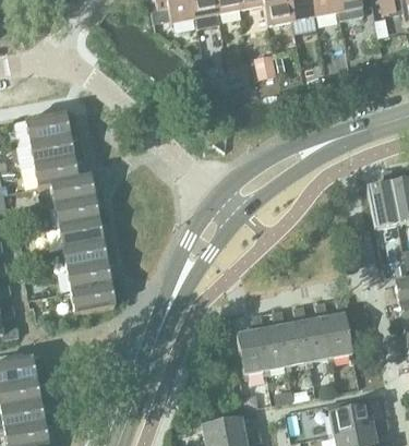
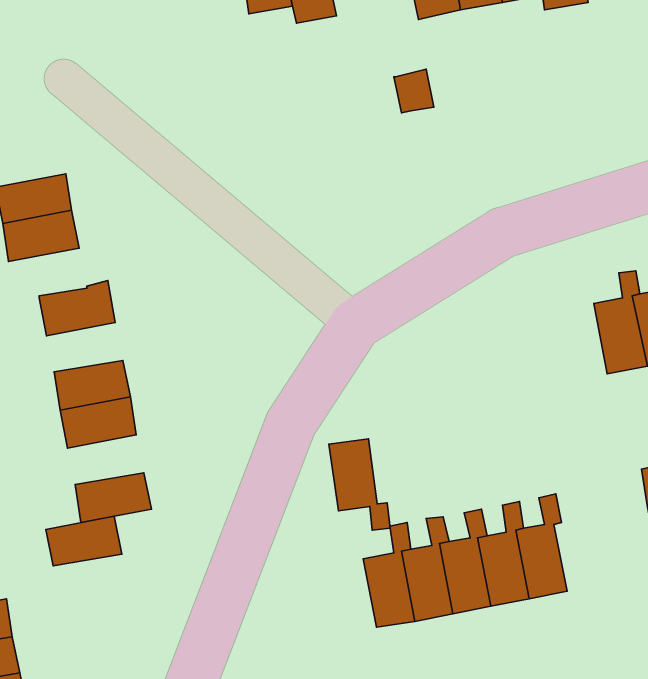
building: [34,155,79,185] -> none
building: [56,197,99,226] -> none
building: [68,262,111,290] -> [46,516,122,566]
building: none -> [329,439,390,530]

